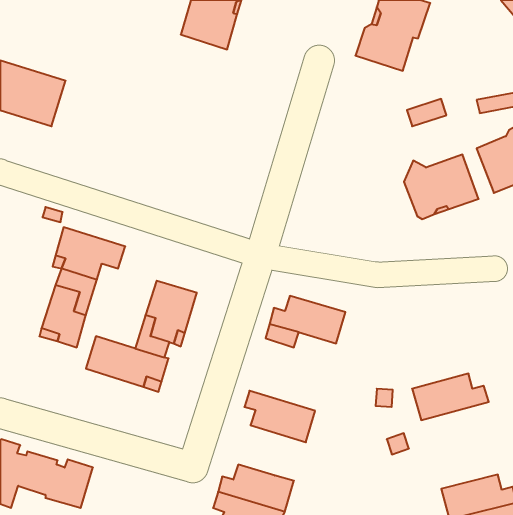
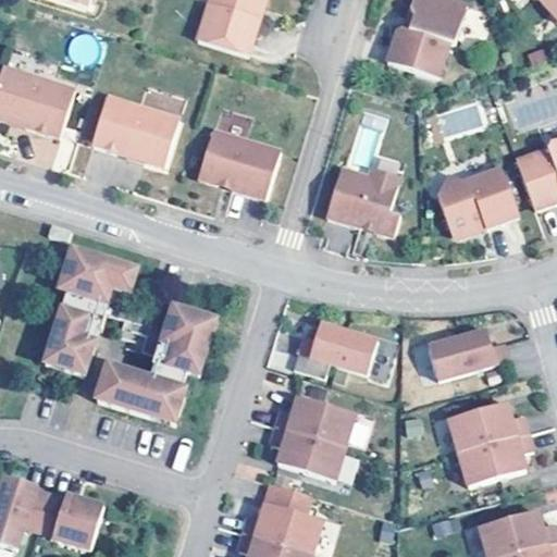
building: none -> [92,95,180,165]
building: none -> [197,129,280,197]
building: none -> [326,162,400,232]
building: none -> [428,331,509,382]
building: none -> [272,393,354,444]
building: none -> [457,434,534,487]
building: none -> [260,480,306,513]

